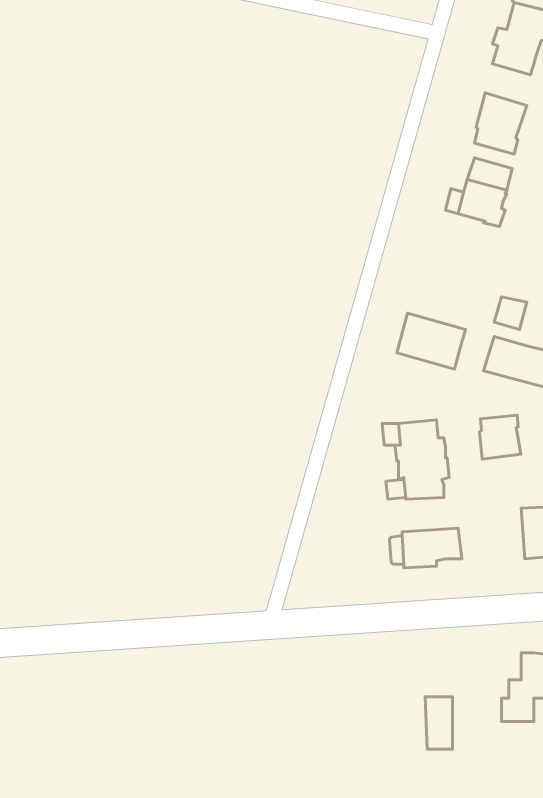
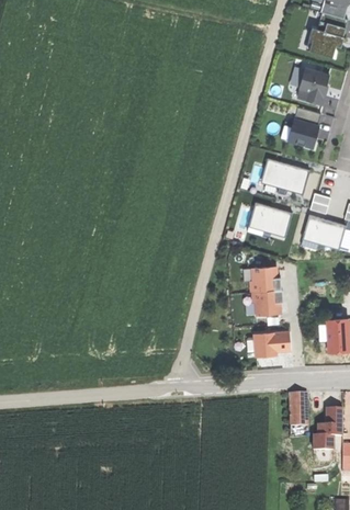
building: none -> [261,158,309,193]
building: [480,415,521,459] -> none
building: [425,697,452,749] -> [291,394,307,426]

